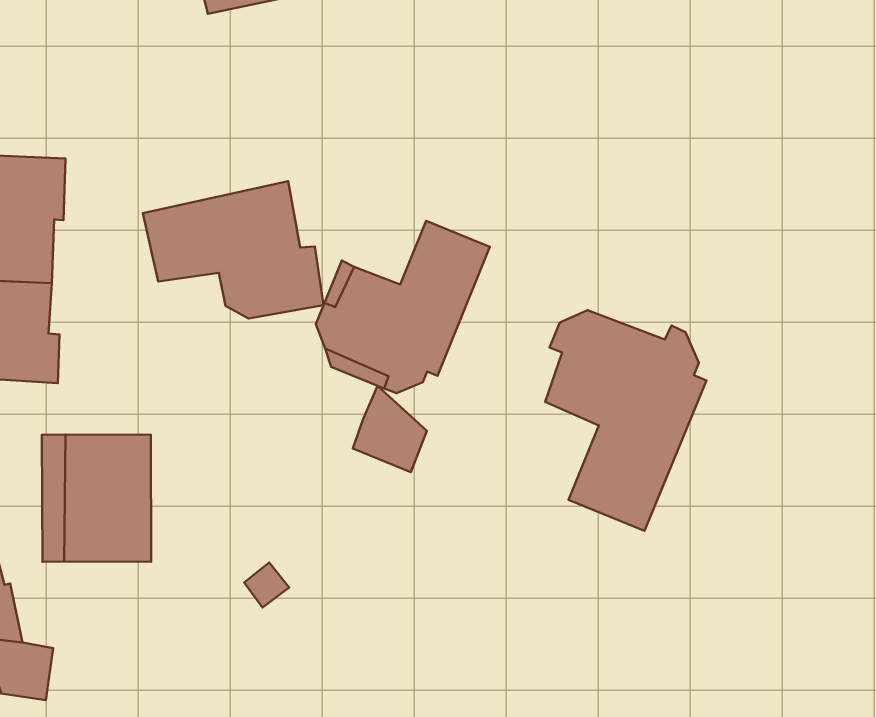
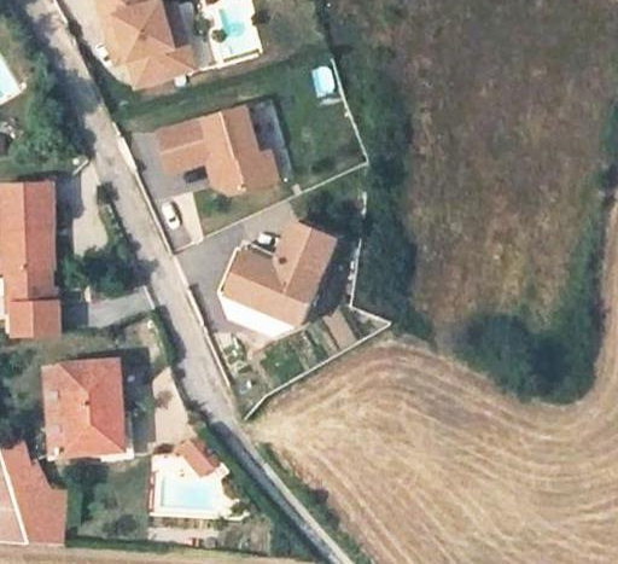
building: [143,181,324,318] -> [153,103,278,196]
building: [545,310,707,531] -> none
building: [353,386,427,472] -> none

